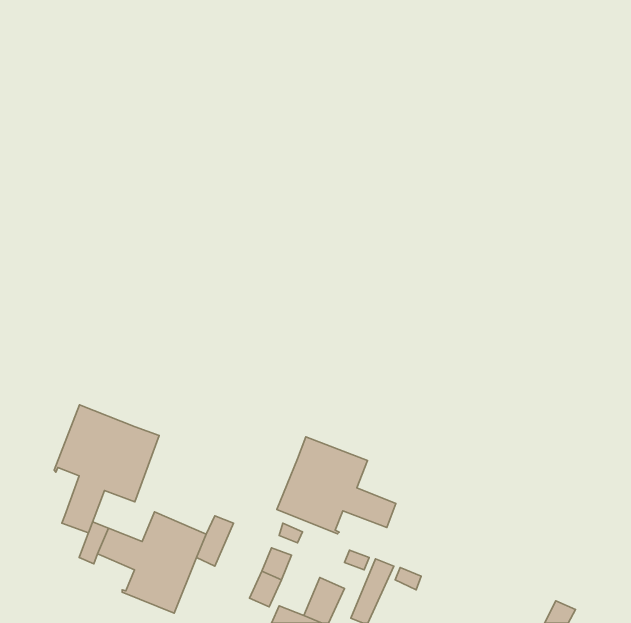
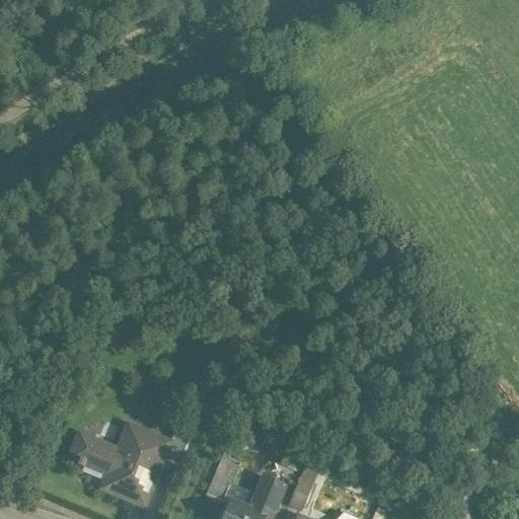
building: [54,405,159,533] -> none
building: [277,437,396,534] -> none

